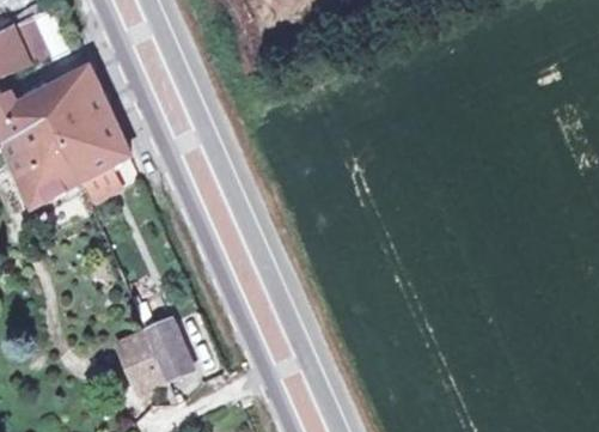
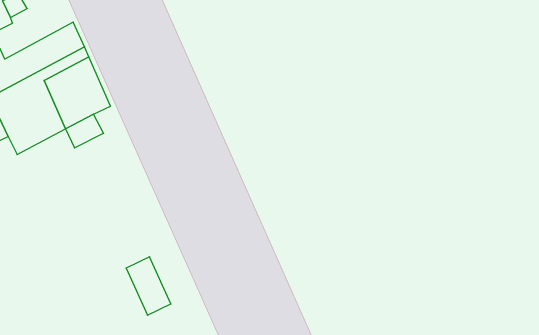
building: [111,327,169,391] -> none

